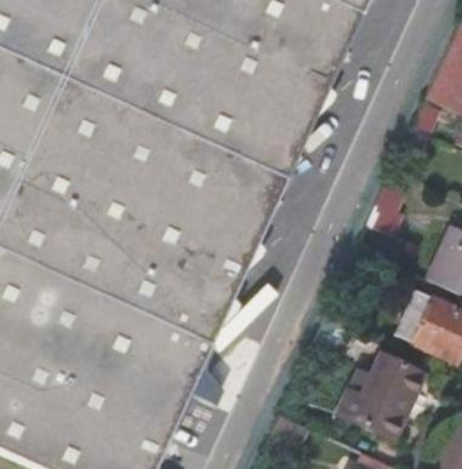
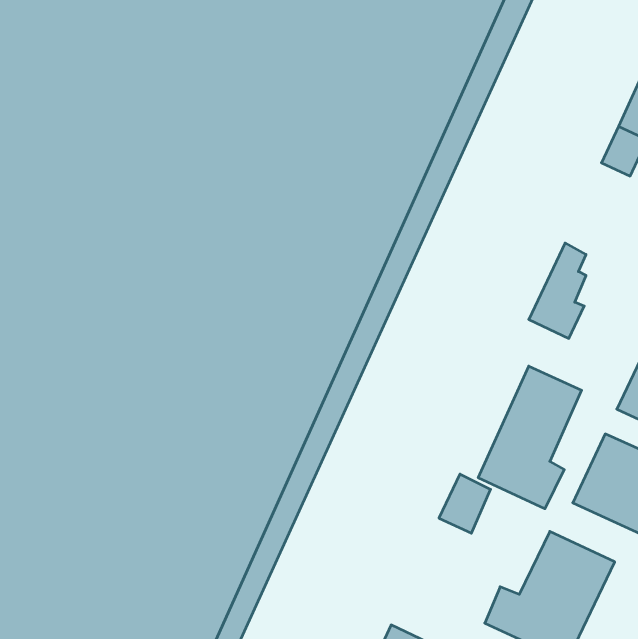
building: none -> [478,366,582,509]

